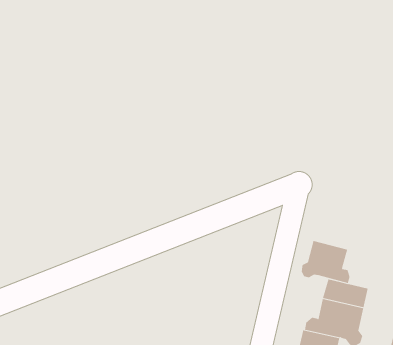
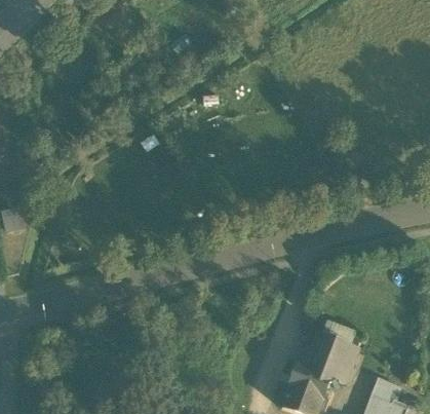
building: [301,240,350,284] -> none

